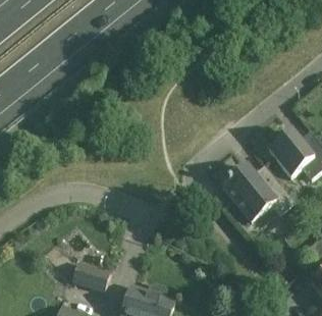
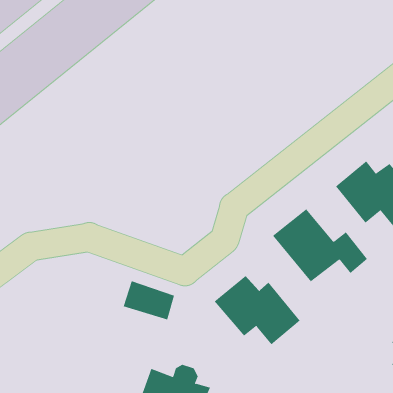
building: none -> [214,275,300,345]
building: [70,261,109,291] -> [123,280,175,320]

